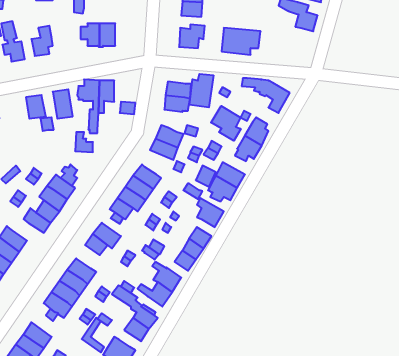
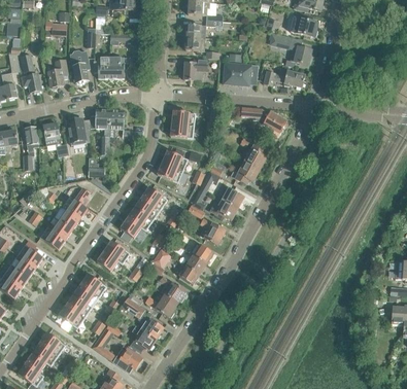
building: none -> [70,49,90,82]
building: none -> [263,70,305,86]
building: [189,74,213,107] -> none
building: none -> [23,126,38,170]
building: [211,106,241,141] -> none

